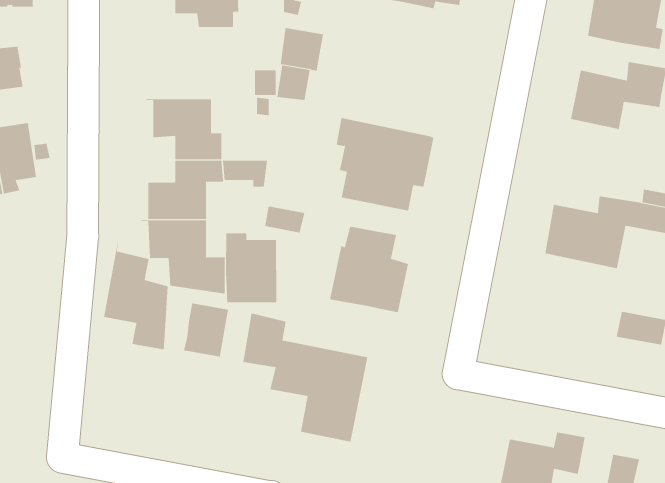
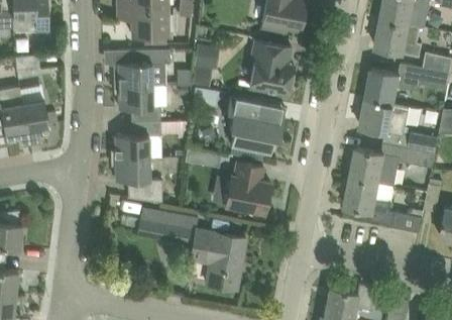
building: none -> [248,40,293,96]
building: none -> [117,50,168,87]
building: none -> [359,99,410,137]
building: [225,233,277,303] -> none
building: [104,243,168,350] -> none
building: none -> [343,179,393,216]

